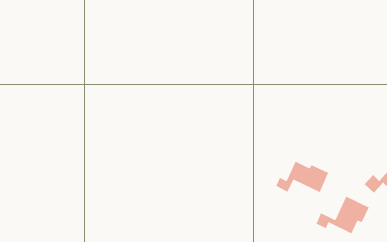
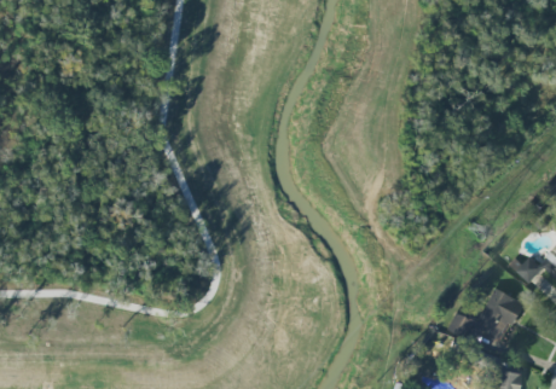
building: [275,161,329,193] -> none

